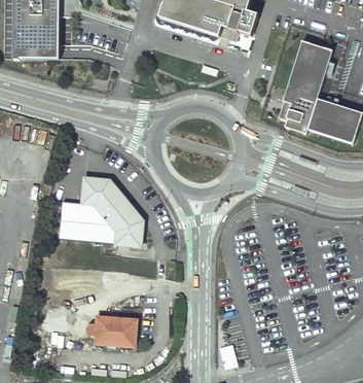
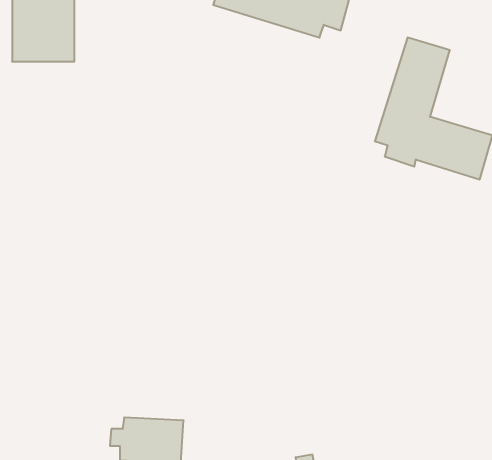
building: [59,176,144,247] -> none

